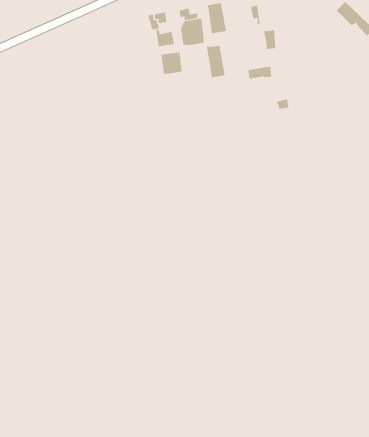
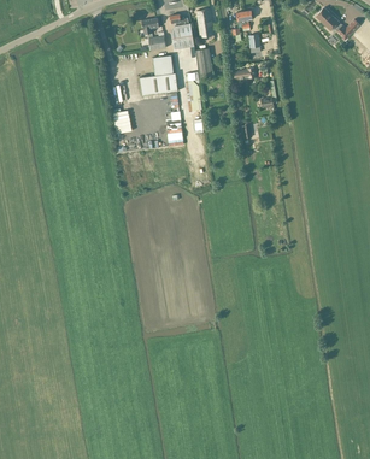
building: none -> [140,72,178,95]

